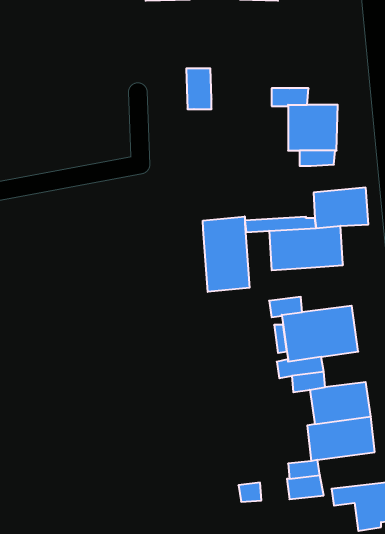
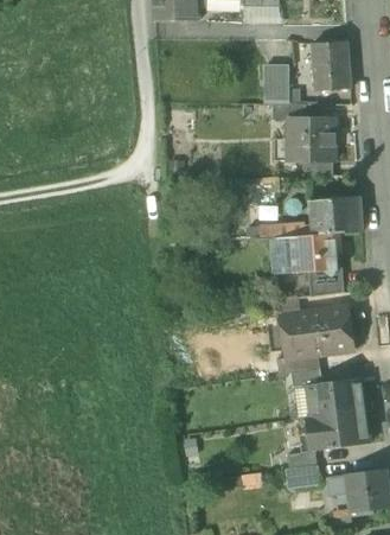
building: none -> [311,42,351,91]
building: [186,68,212,109] -> [264,65,288,103]
building: [203,216,250,292] -> none
building: none -> [308,267,344,297]

